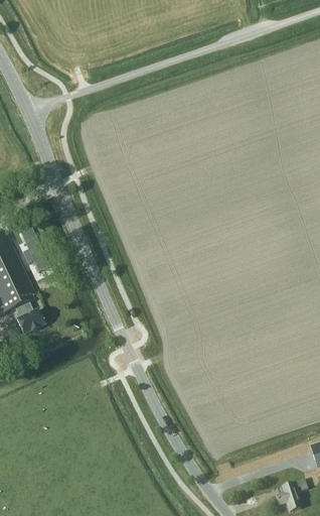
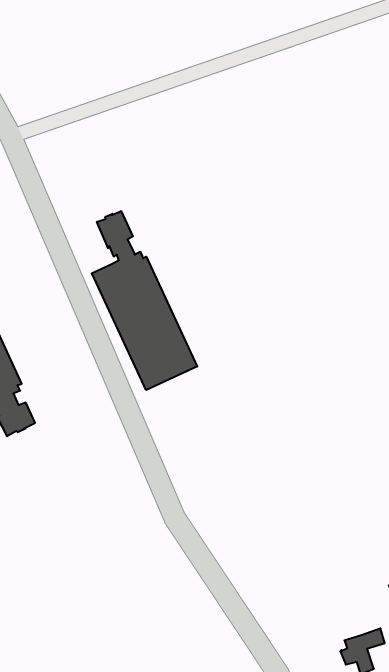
building: none -> [92,211,197,390]

